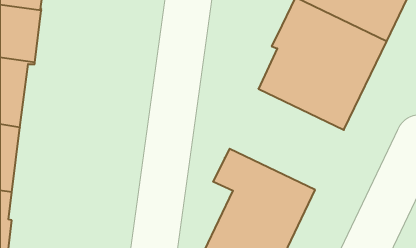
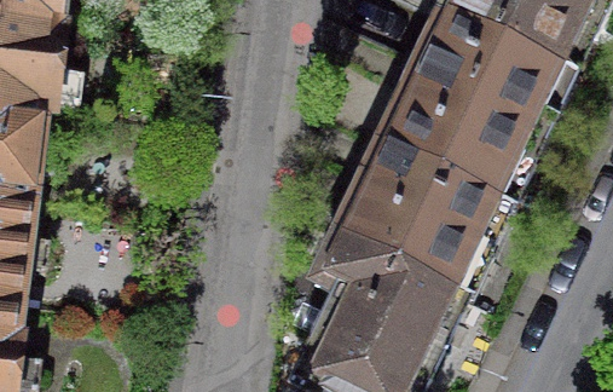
building: none -> [339,131,507,283]

